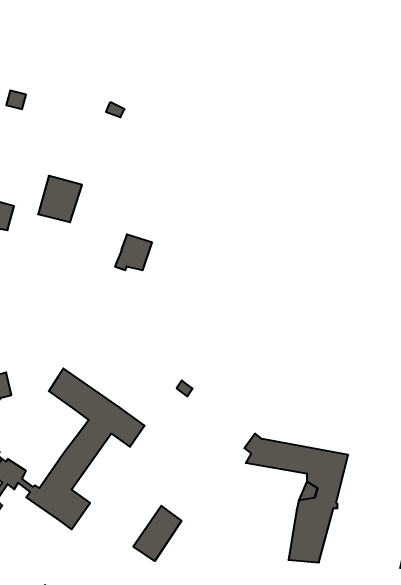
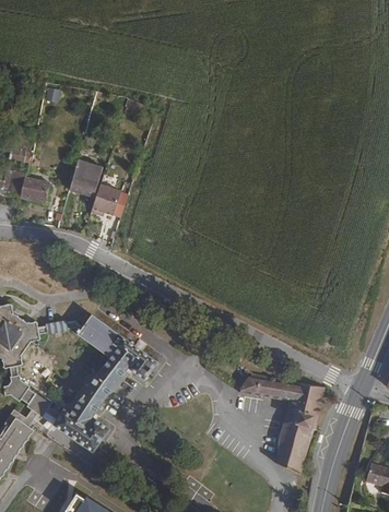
building: [115,234,152,270] -> [87,183,118,213]
building: [133,506,181,561] -> none

